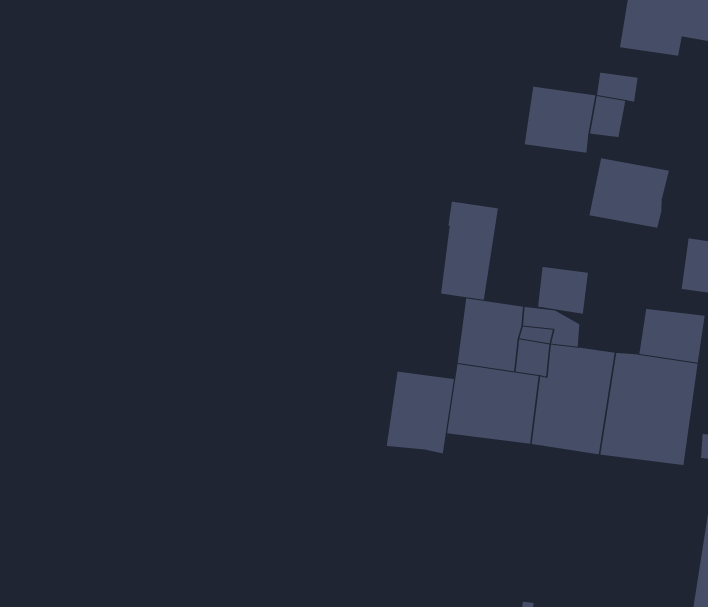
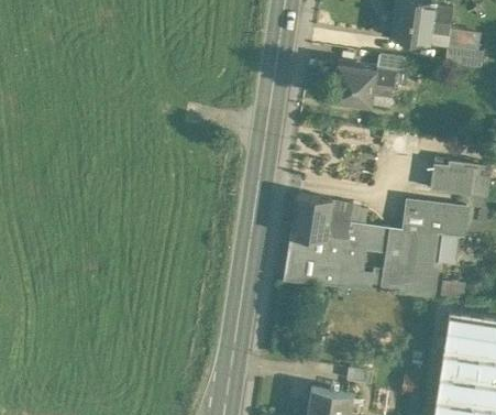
building: [589,158,669,228] -> none
building: [441,201,498,300] -> none
building: [537,266,588,315] -> none
building: [386,371,454,454] -> none

